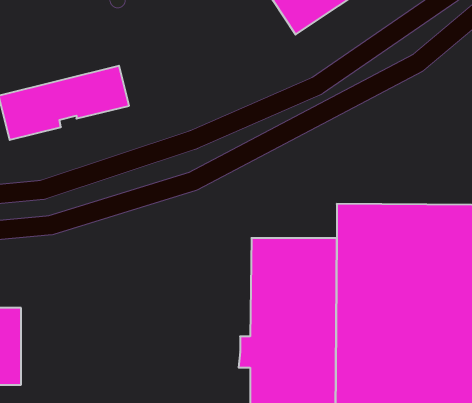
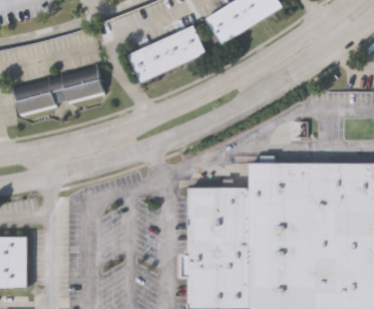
building: none -> [128,24,209,82]

